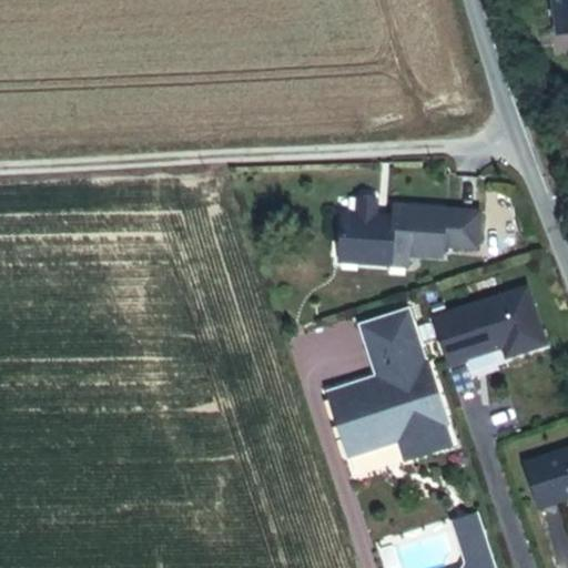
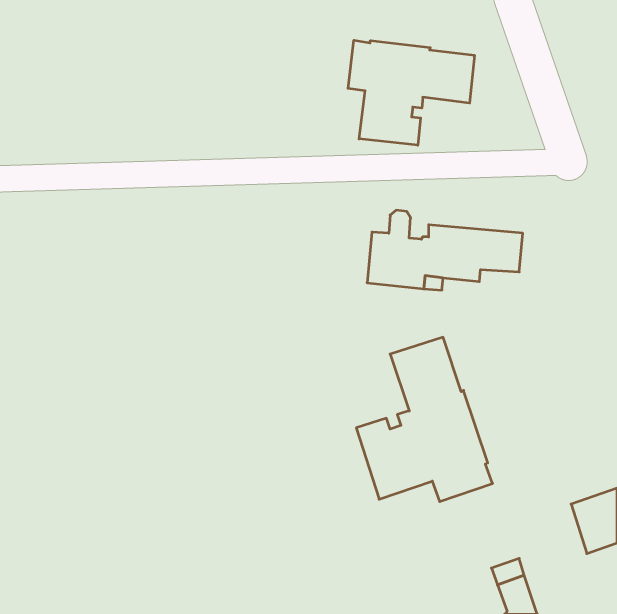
building: none -> [348,40,474,145]
building: [430,285,548,367] -> none

